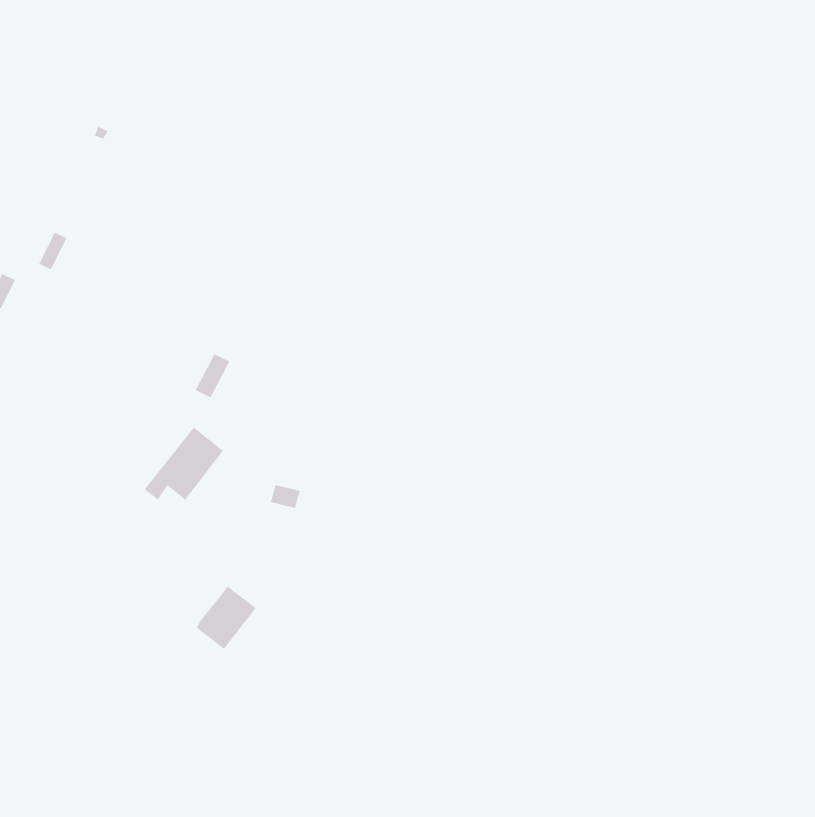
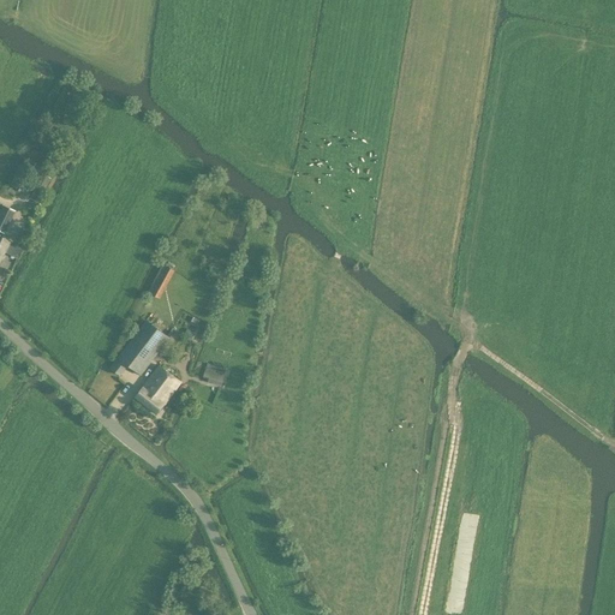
building: [196,586,256,650] -> [135,366,180,414]

